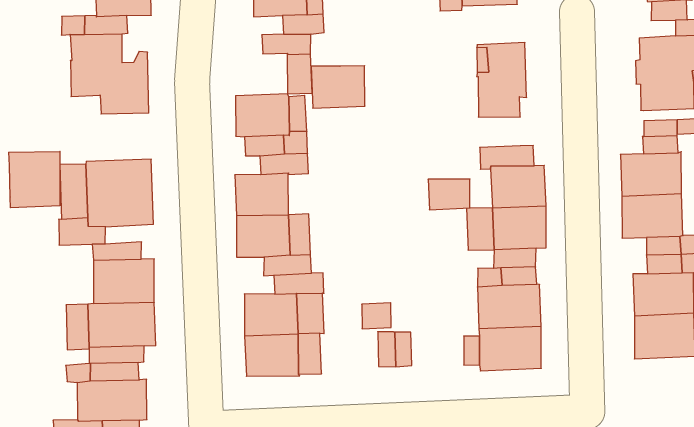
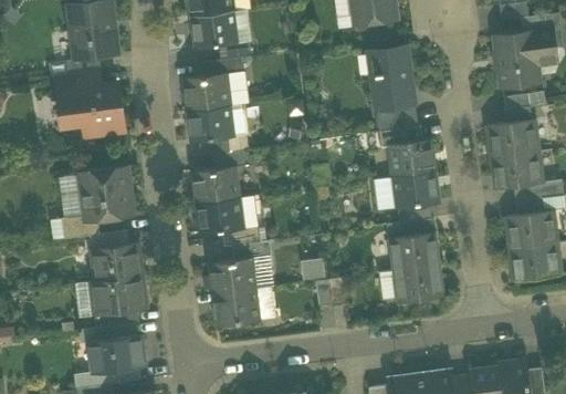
building: [311,66,365,108] -> [184,74,228,111]
building: [9,151,60,208] -> none
building: [428,179,470,210] -> [376,105,410,132]

